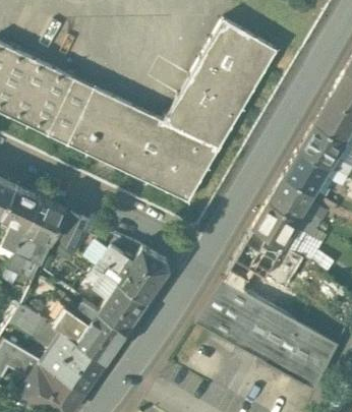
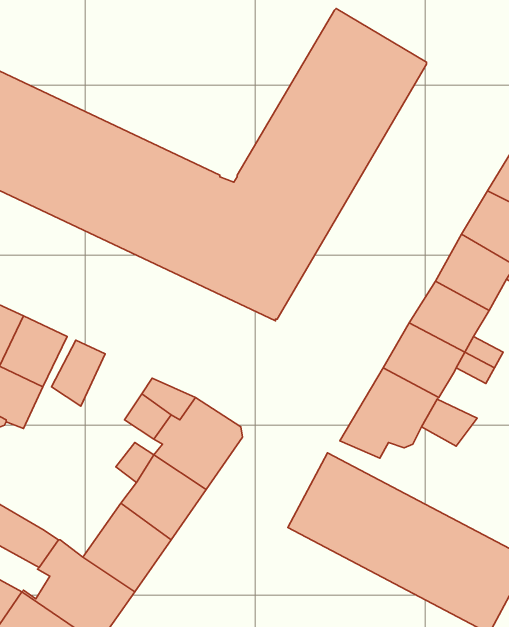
building: [53,300,99,341] -> none

